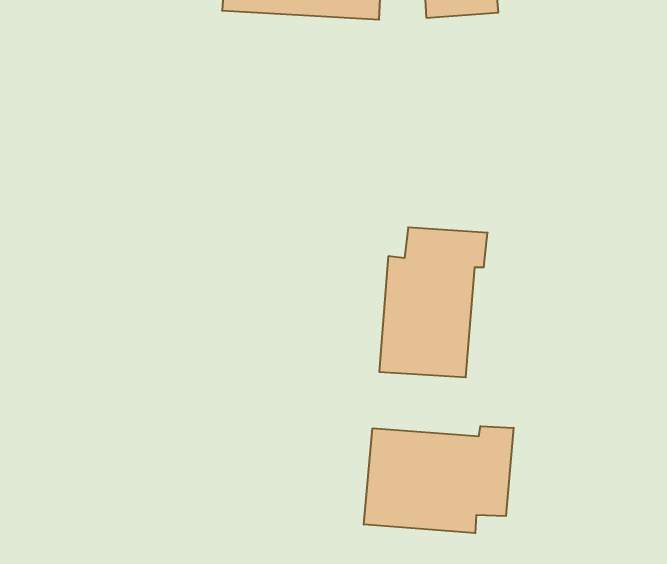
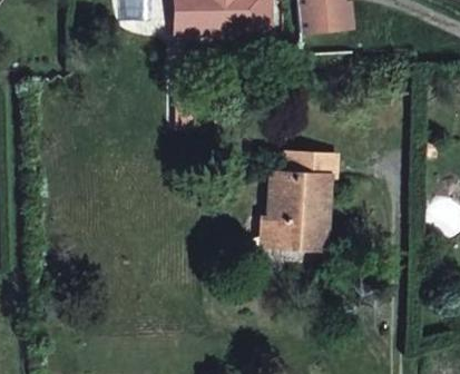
building: [364,426,514,533] -> none

